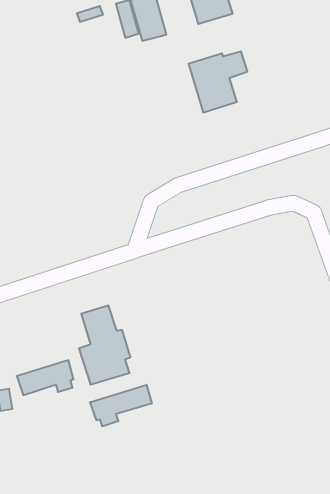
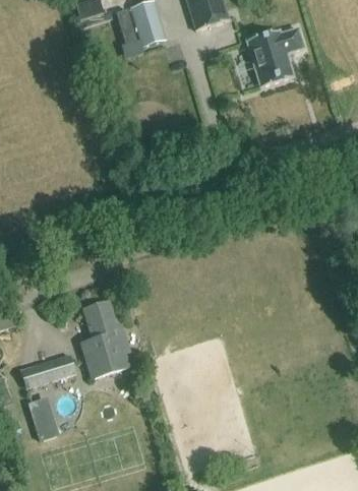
building: [188,51,247,112] -> [246,27,303,86]
building: [90,385,152,426] -> none
building: none -> [28,398,59,441]

